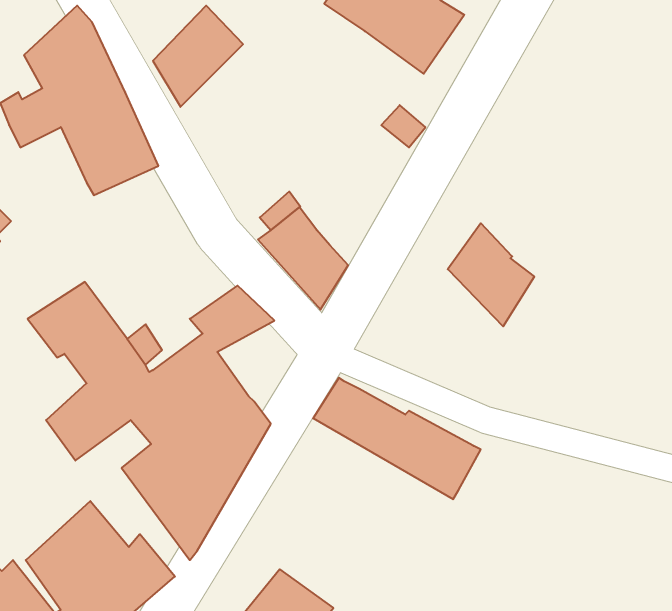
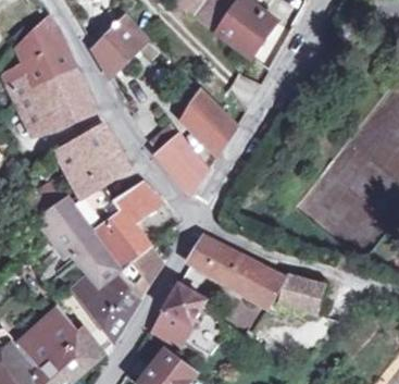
building: none -> [13,88,52,131]
building: none -> [58,124,129,199]
building: [448,223,534,326] -> [185,94,236,154]
building: none -> [272,273,326,317]
building: none -> [151,284,225,355]

